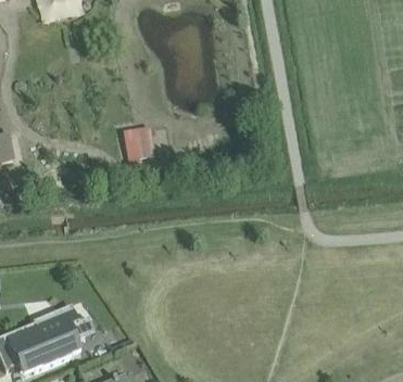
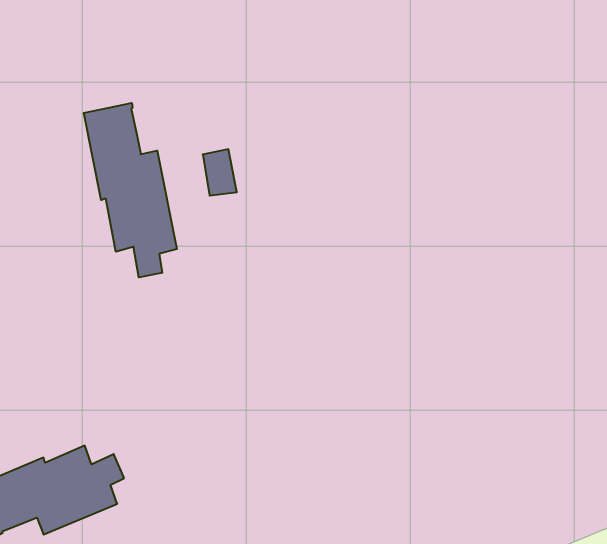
building: none -> [84,103,177,277]

